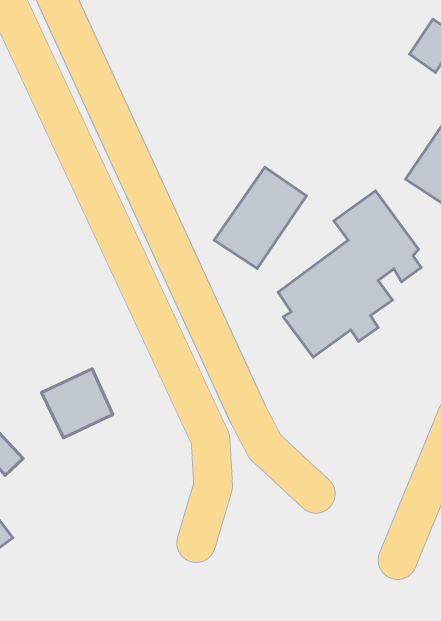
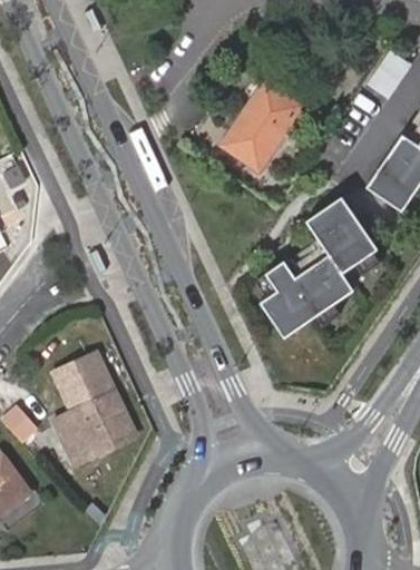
building: [214,167,306,269] -> [222,81,301,168]
building: none -> [53,387,137,462]

